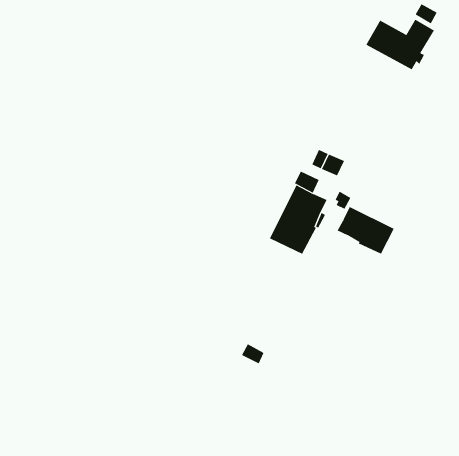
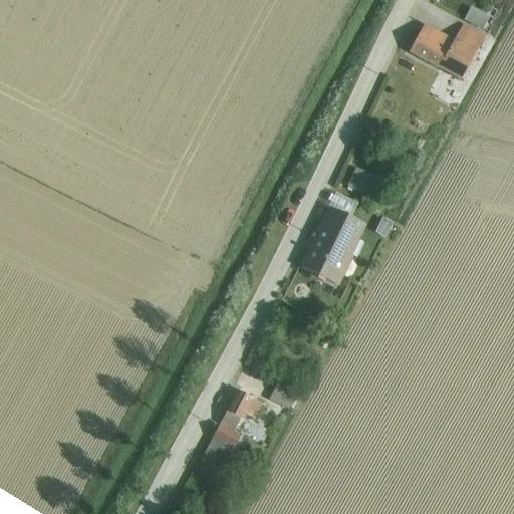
building: [337,206,395,255] -> none
building: none -> [200,389,262,469]

